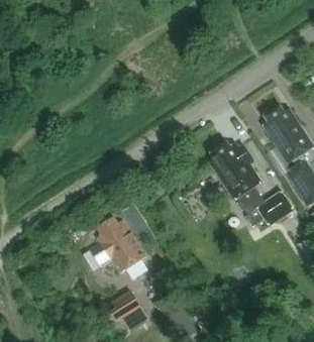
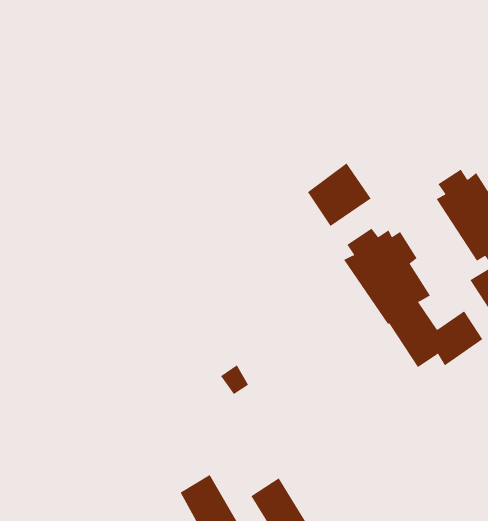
building: none -> [307,163,371,227]
building: [90,217,146,271] -> none

